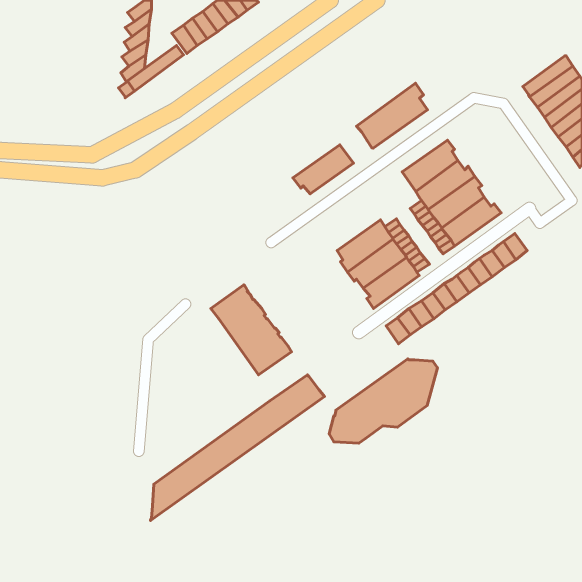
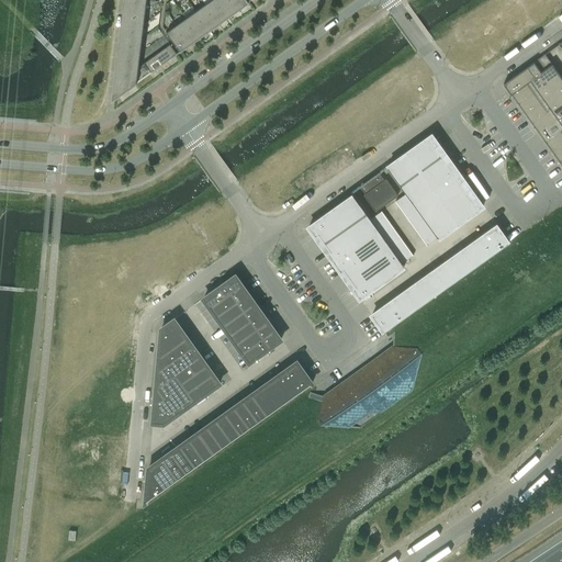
building: [356,83,427,148] -> none
building: [293,145,353,194] -> [308,194,367,241]
building: none -> [361,172,397,211]
building: none -> [153,318,220,423]

